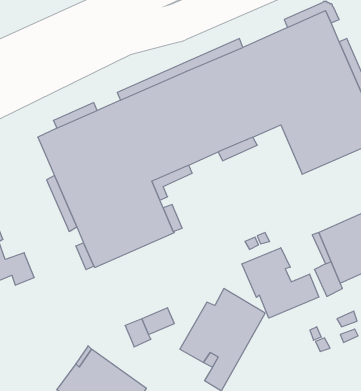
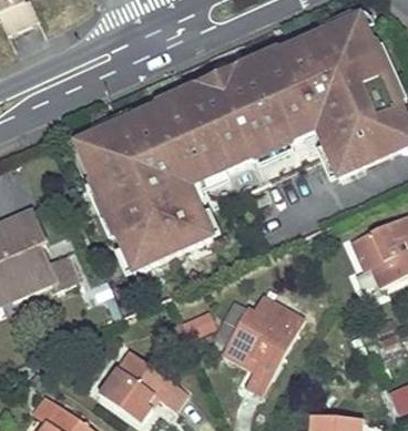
building: [242,248,319,318] -> none

